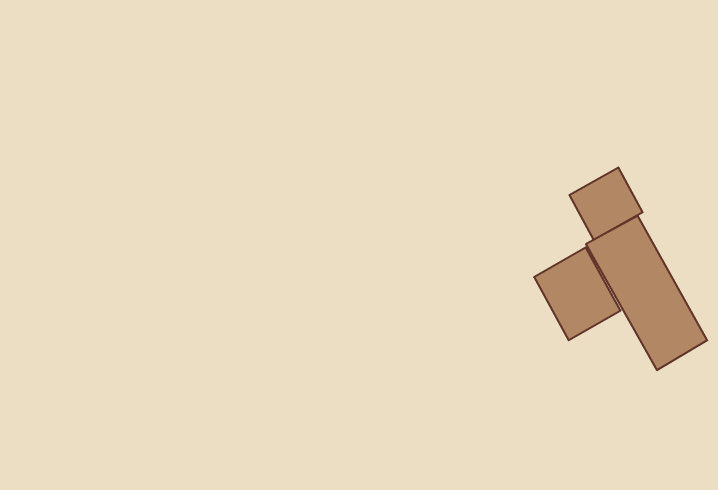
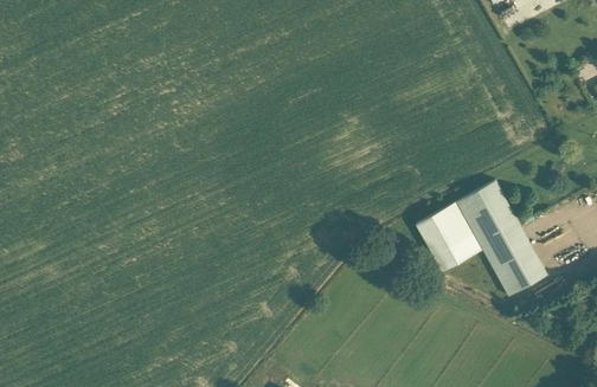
building: [569,167,643,240] -> none

